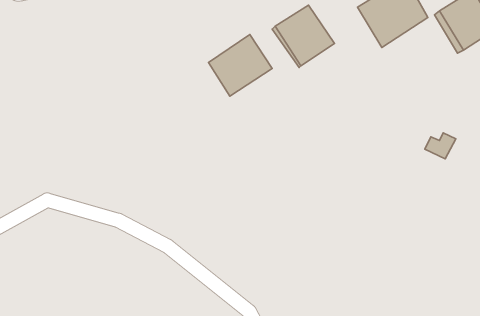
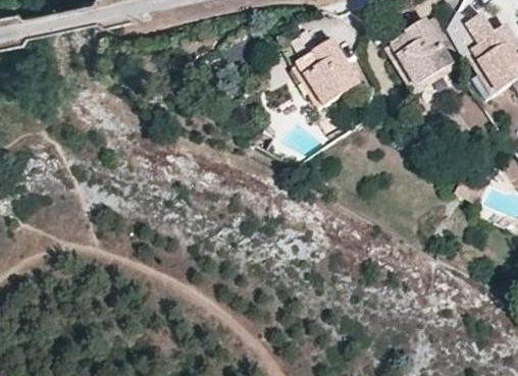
building: [208,34,272,96] -> none

